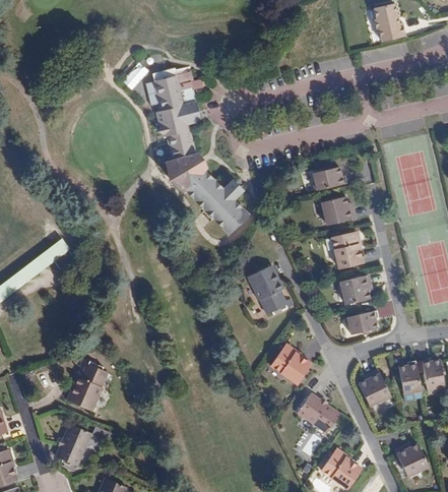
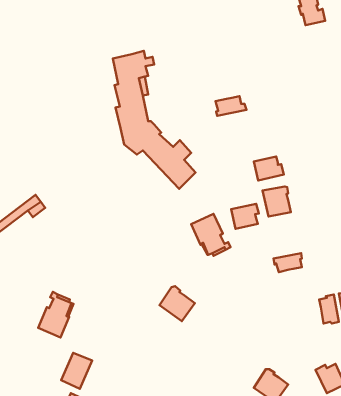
building: [312,168,348,191] -> [215,96,246,116]
building: [339,275,372,305] -> [231,204,259,229]
building: [270,344,312,385] -> [160,286,195,321]
building: [358,369,391,408] -> none
building: [297,392,340,434] -> none
building: [55,424,91,467] -> [61,353,92,389]

